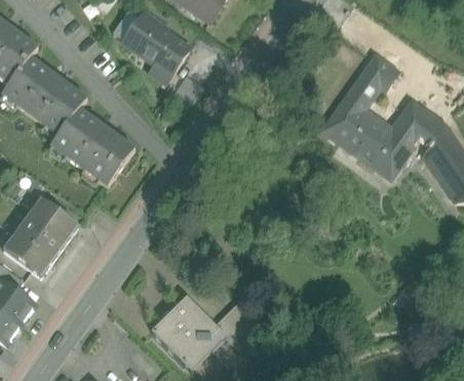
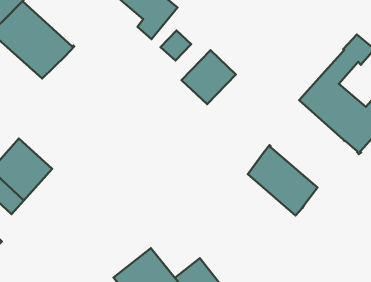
building: none -> [182,50,236,104]
building: [51,108,136,185] -> none
building: none -> [248,145,317,215]

